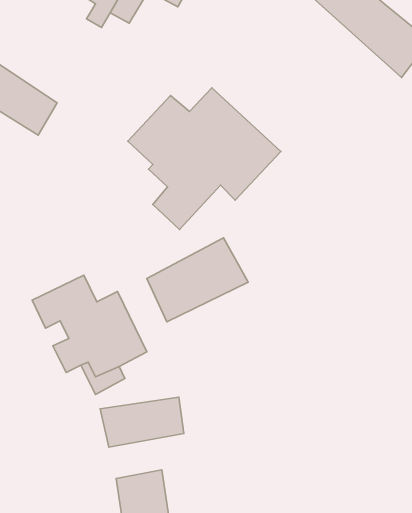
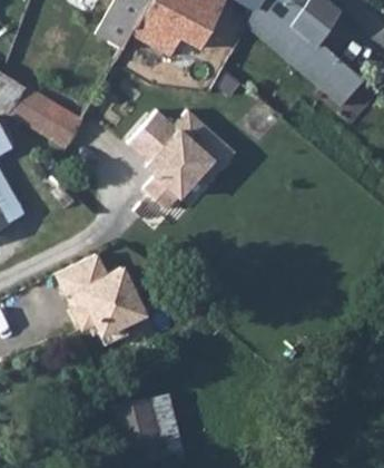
building: [147,238,248,322] -> none
building: [100,397,184,447] -> none

